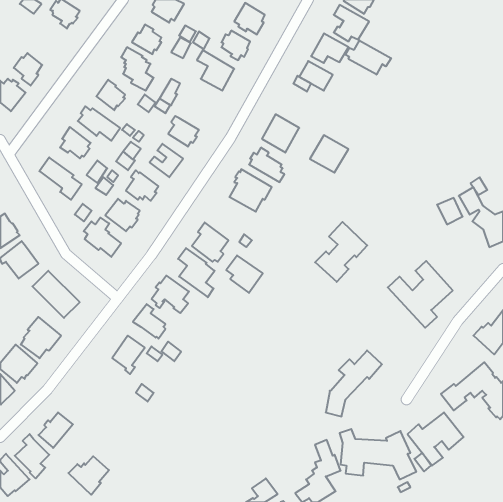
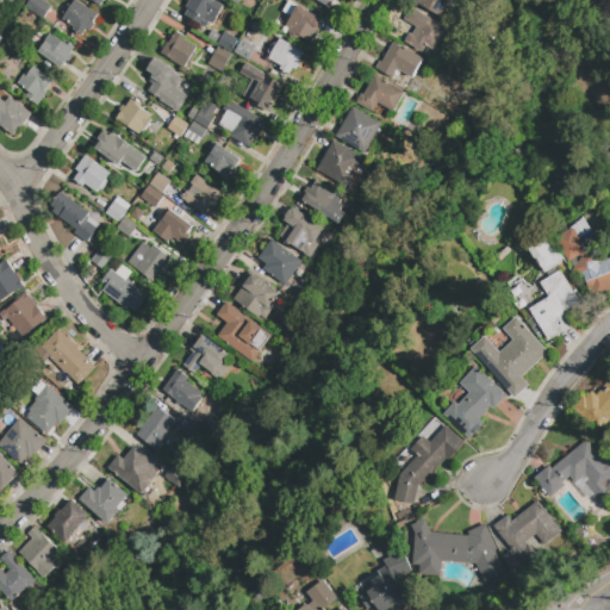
building: none -> [37,32,73,66]
building: [345,40,391,75] -> none
building: none -> [224,99,266,145]
building: [310,135,348,173] -> [335,106,381,151]
building: [315,222,367,282] -> [442,365,505,437]
building: none -> [528,269,586,340]
building: [226,255,263,293] -> [257,238,301,284]
building: none -> [107,447,156,497]
building: [68,456,109,495] -> [79,478,127,524]

